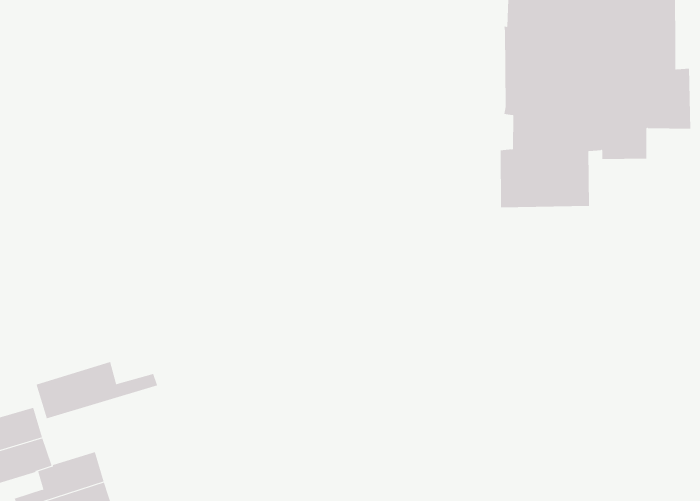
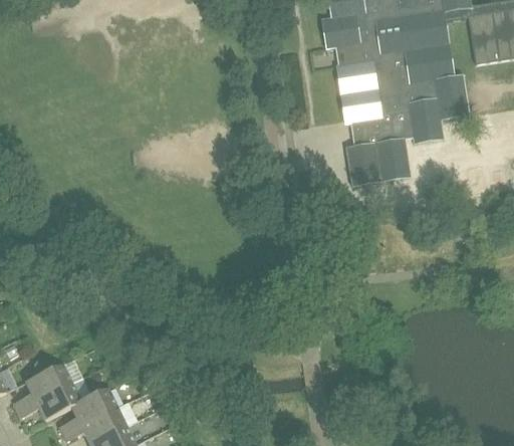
building: [36,361,158,419] -> none

